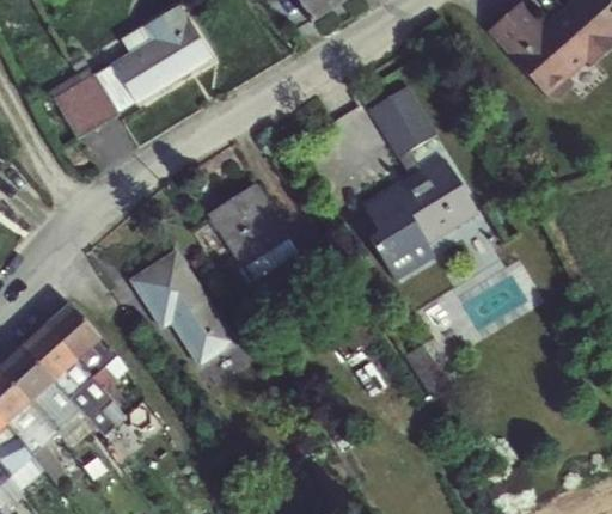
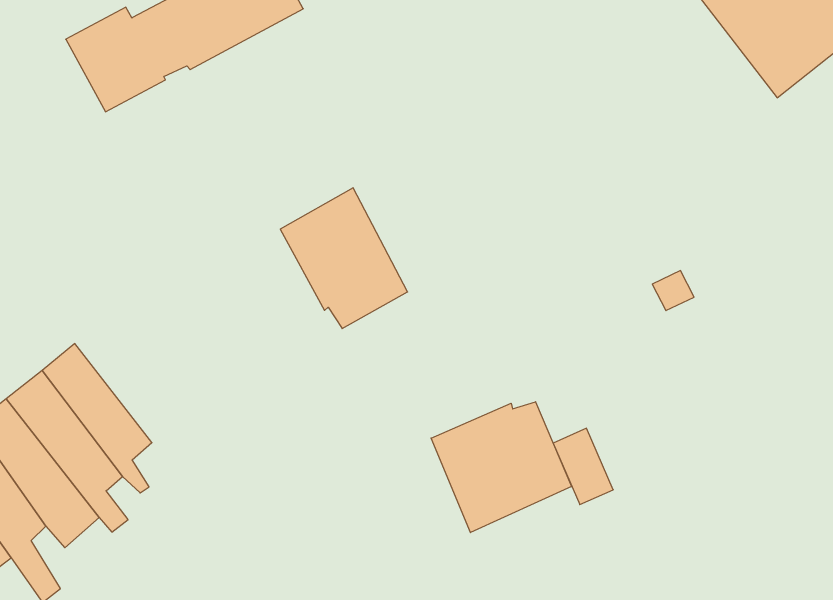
building: [361,84,479,282] -> none
building: [128,247,238,367] -> none
building: none -> [431,402,571,533]

